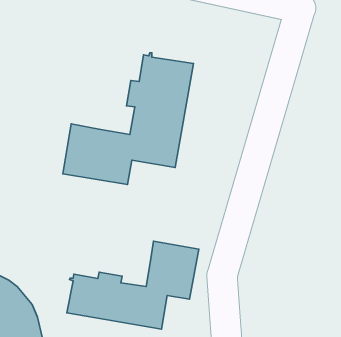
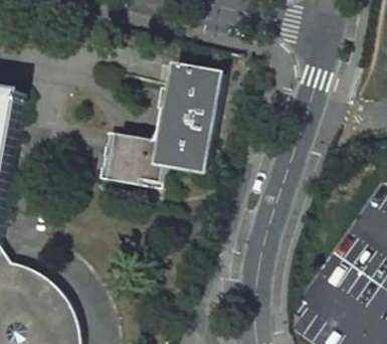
building: [67,241,199,329] -> none

